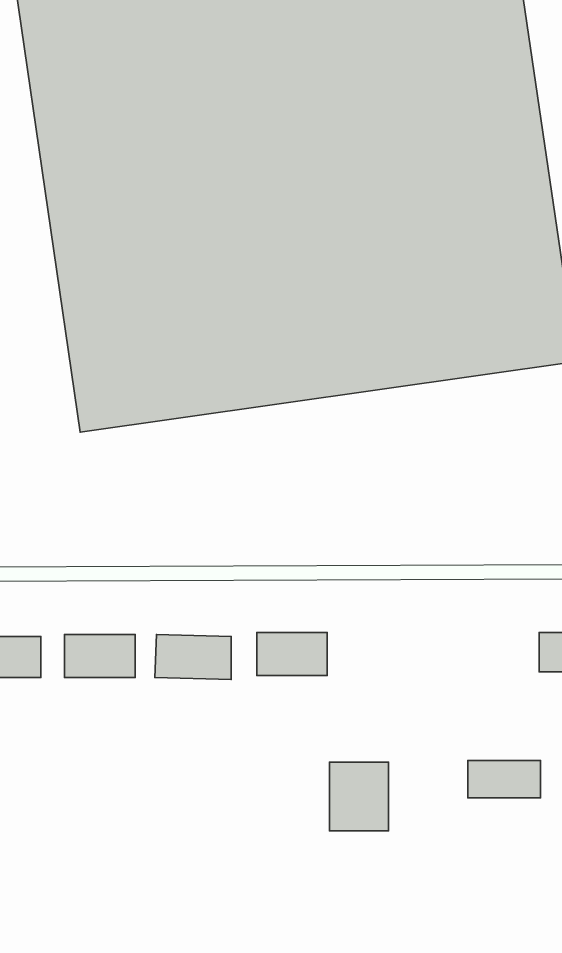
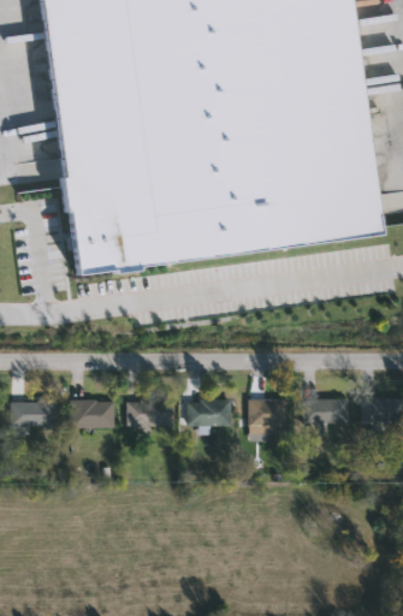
building: [468,761,540,798] -> [302,398,346,421]
building: [330,762,388,831] -> [248,398,284,440]

